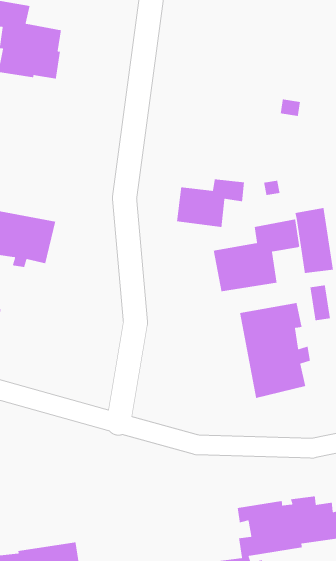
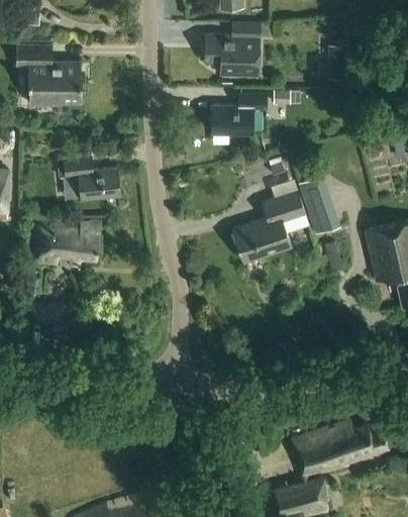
building: none -> [204,24,259,75]
building: none -> [58,156,120,200]
building: [176,178,245,228] -> [210,92,265,134]
building: [239,302,311,399] -> none

